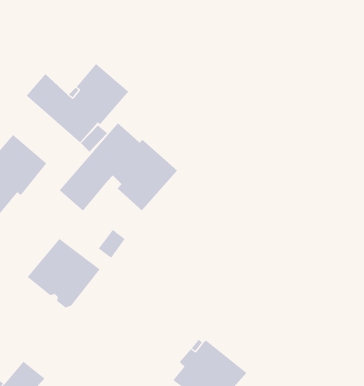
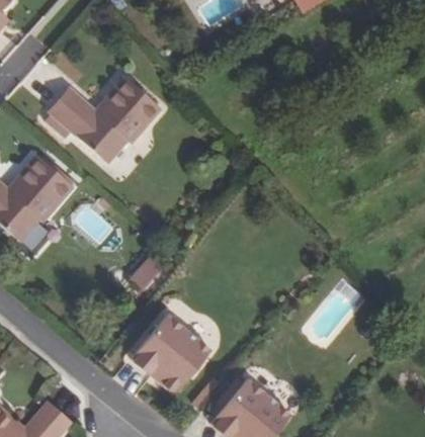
building: [59,123,178,211] -> none
building: [27,238,101,308] -> [130,317,210,394]

